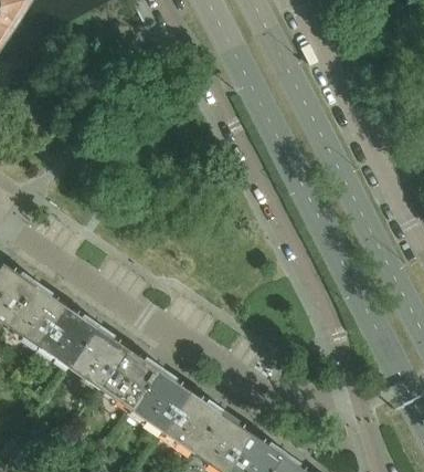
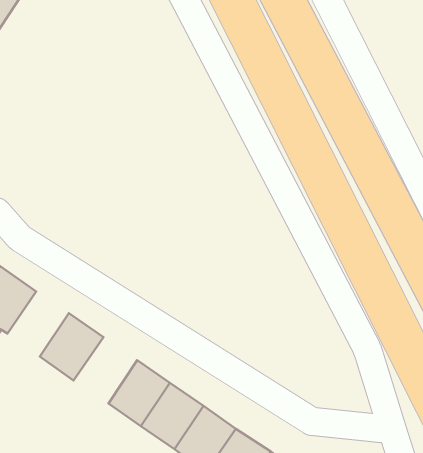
building: [8,285,64,345] -> none
building: [68,327,127,388] -> none

